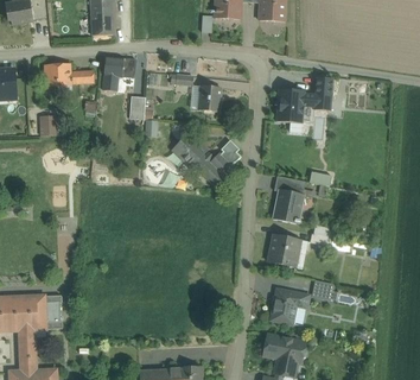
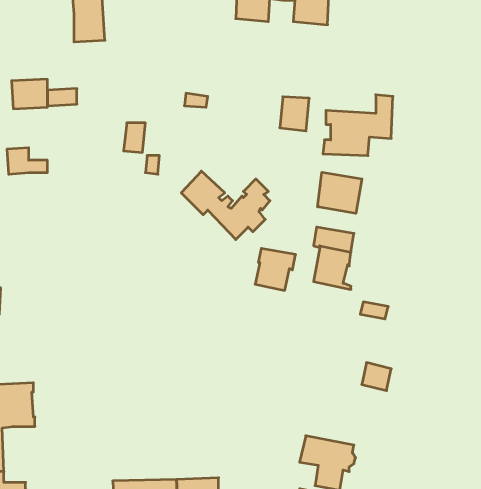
building: [101,56,135,90] -> none
building: [197,86,219,112] -> [280,97,309,131]
building: none -> [318,172,362,213]
building: [268,234,299,266] -> [255,248,296,290]
building: [269,289,307,323] -> none

